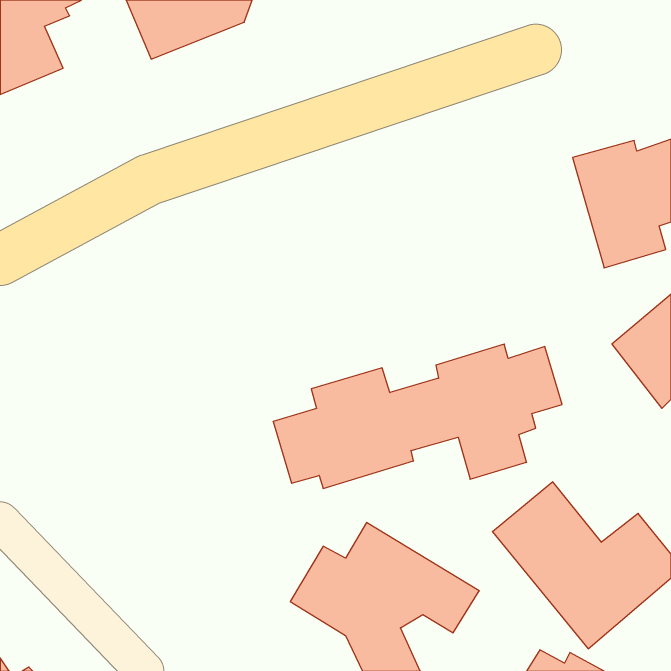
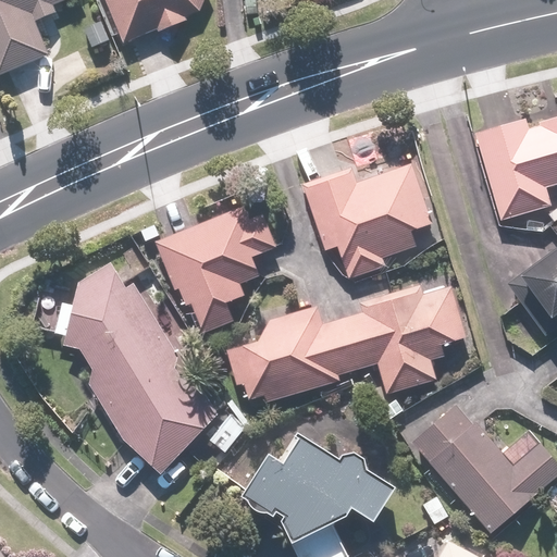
building: none -> [304,165,432,277]
building: none -> [151,205,280,335]
building: none -> [42,261,215,473]

